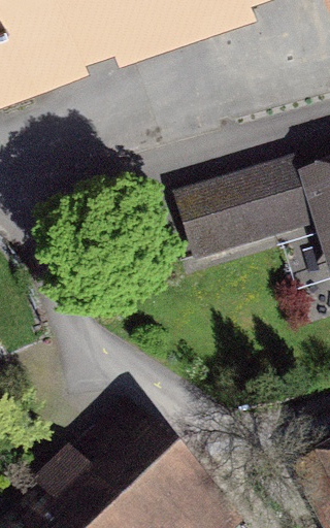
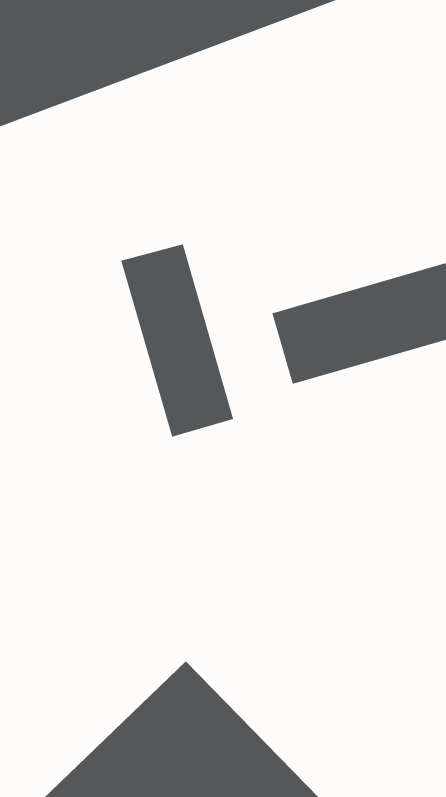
building: none -> [121,244,234,437]

